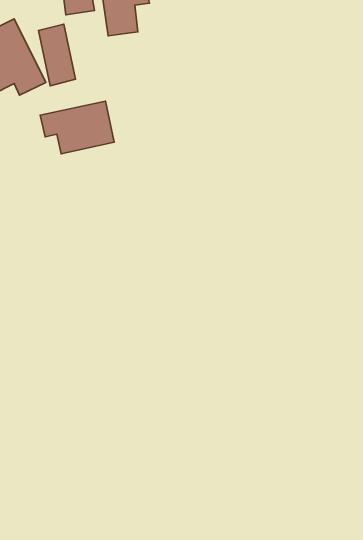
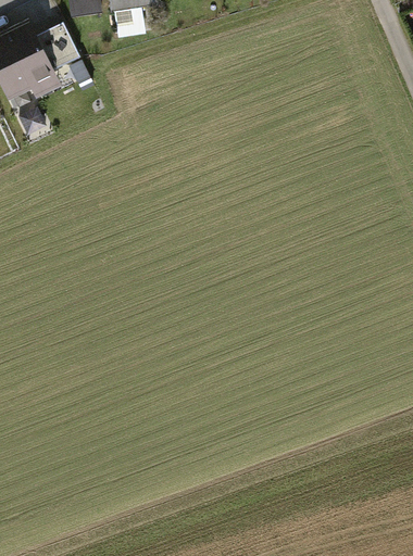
building: [40,101,114,154] -> none

